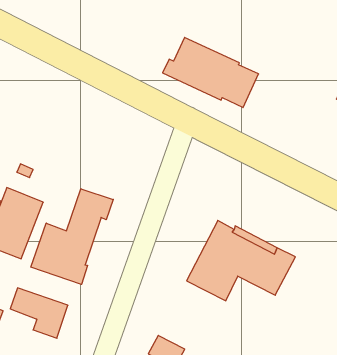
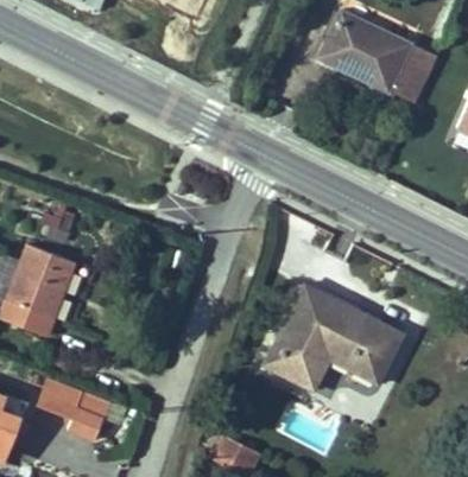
building: [163,37,259,108] -> [312,12,437,103]
building: [31,189,113,284] -> none

